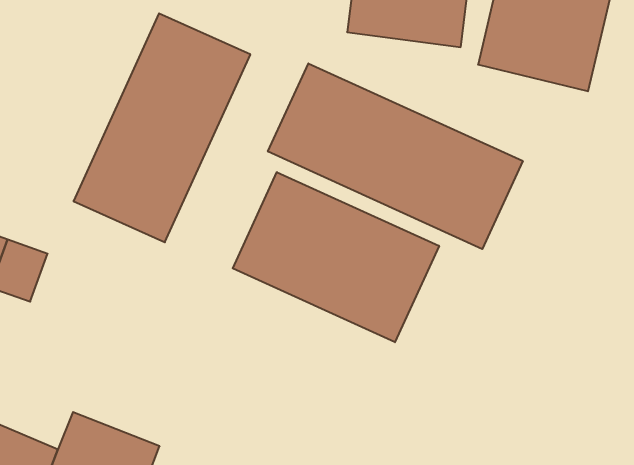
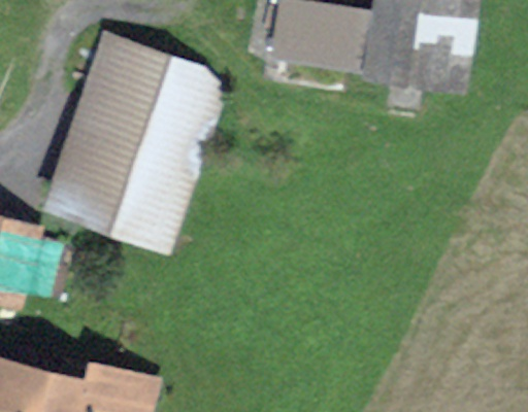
building: [268,63,523,249] -> none
building: [233,172,439,342] -> none

